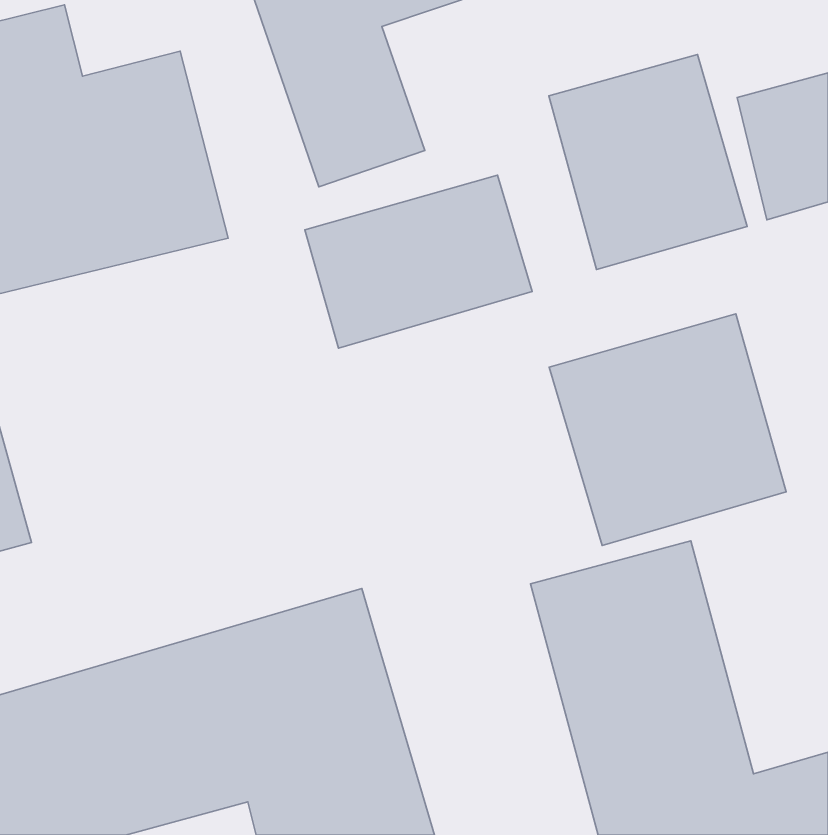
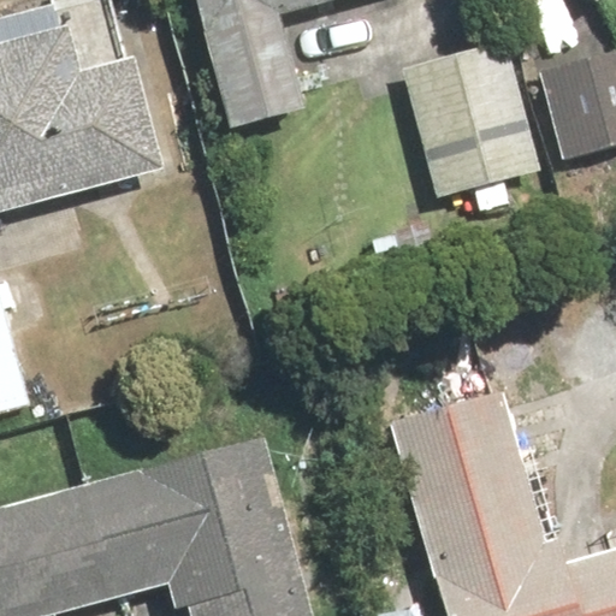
building: [305,175,532,348] -> none
building: [549,314,786,546] -> none

